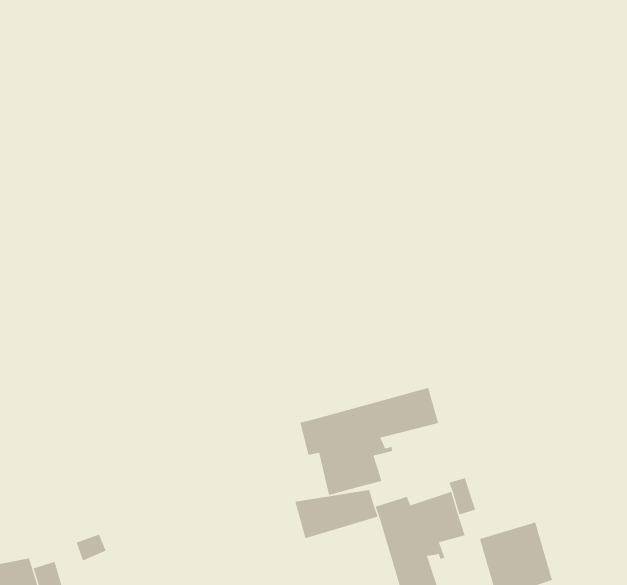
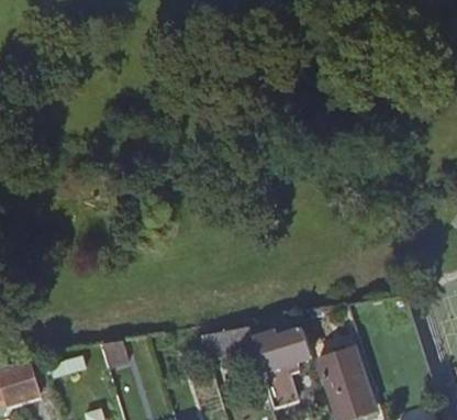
building: [300,387,439,496] -> none

